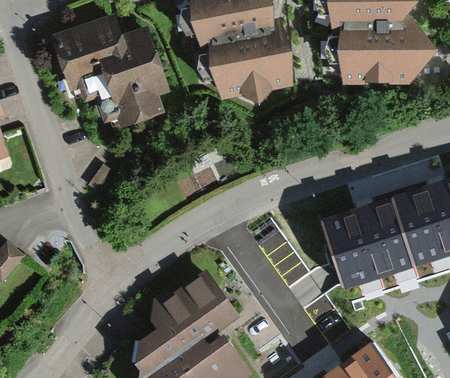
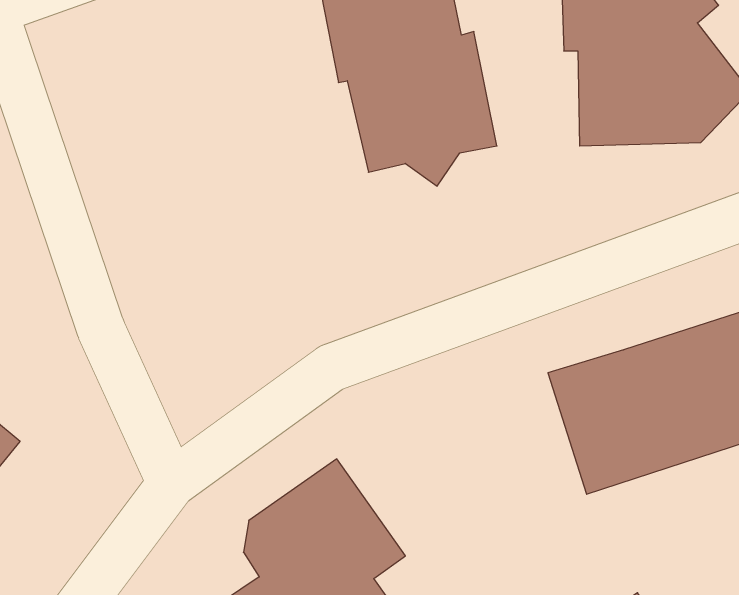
building: [48,14,170,128] -> none

